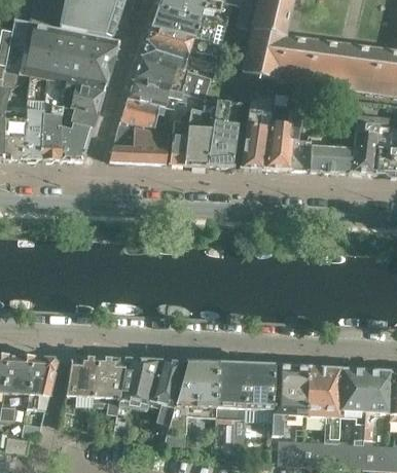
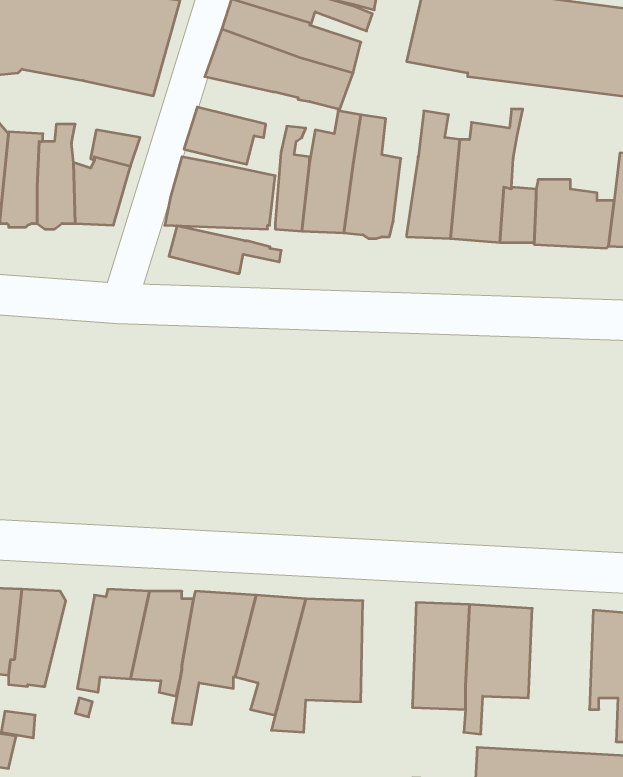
building: [129,79,189,105] -> [169,226,281,273]
building: [64,81,105,112] -> none
building: [217,362,247,443] -> none
building: [308,366,342,437] -> none

